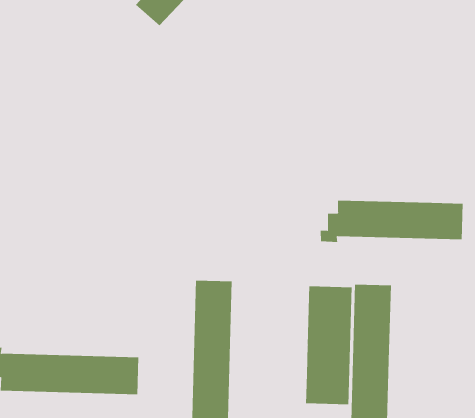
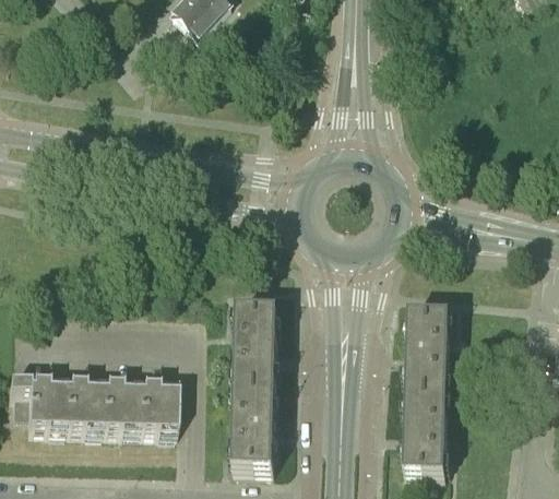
building: [320,200,463,243] -> none
building: [306,285,352,405] -> none

